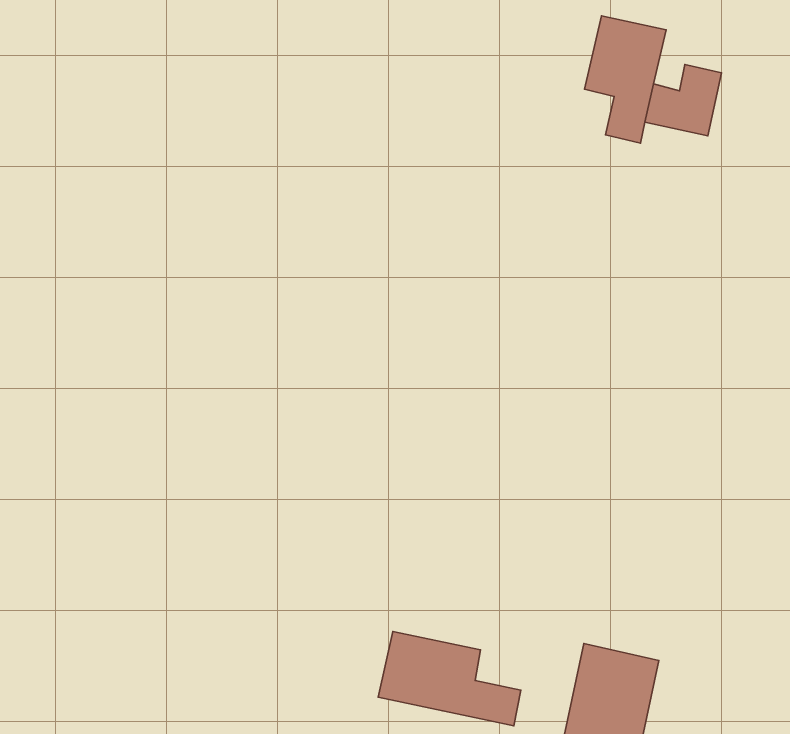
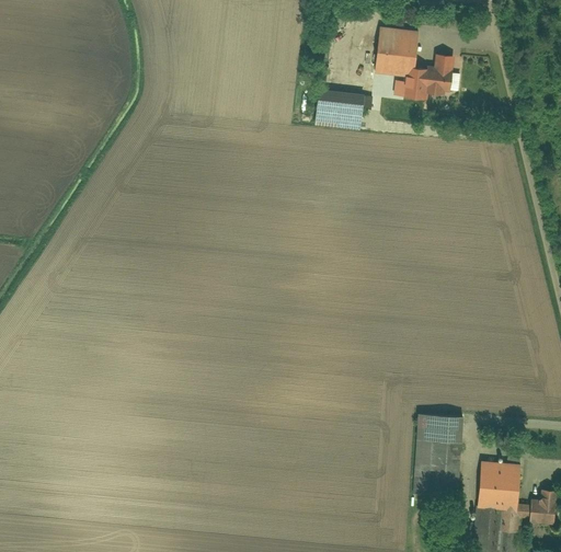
building: none -> [318,89,367,129]
building: [378,632,521,726] -> none

